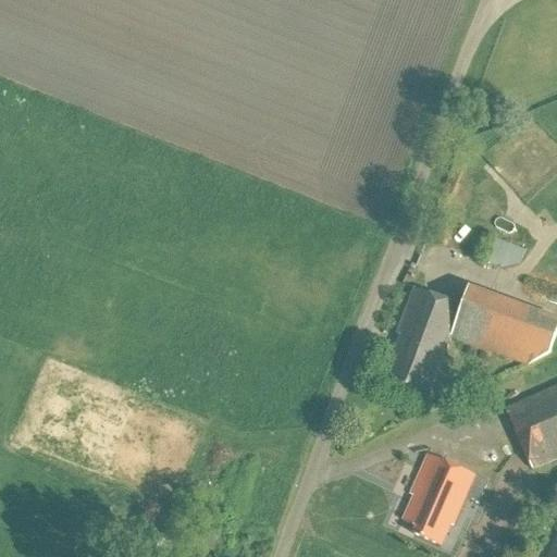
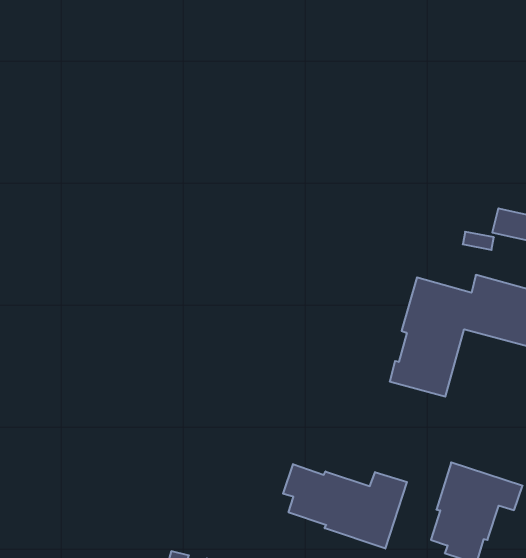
building: none -> [283,464,407,549]

